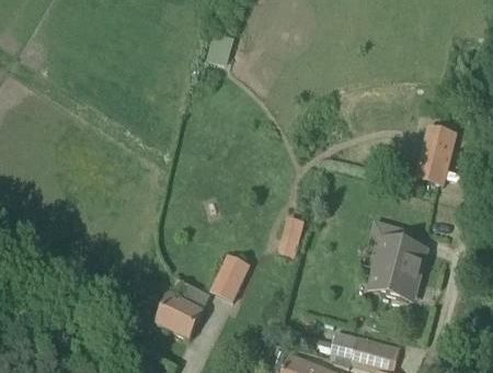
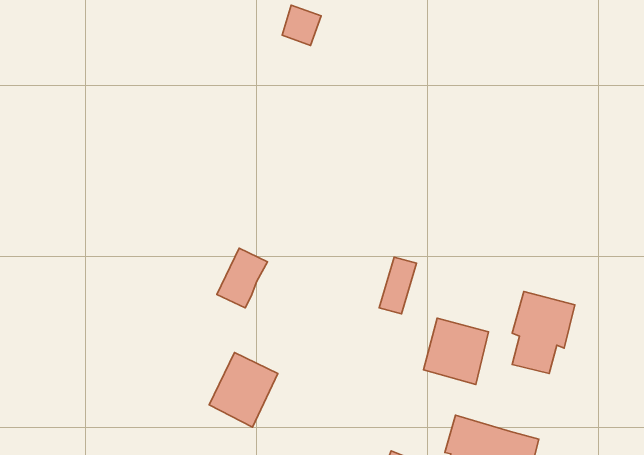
building: [415,127,456,187] -> none
building: [210,255,248,298] -> [217,248,267,308]
building: none -> [423,318,489,384]

